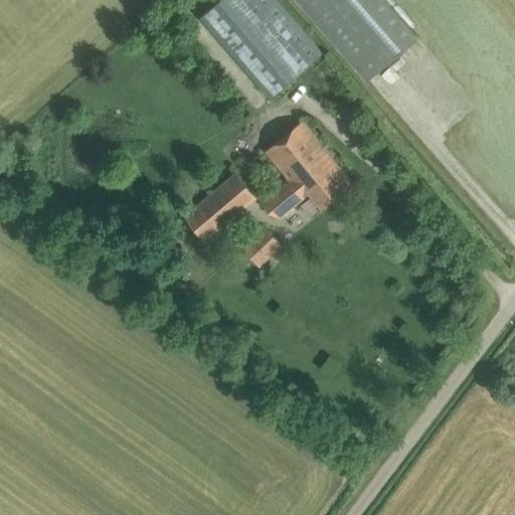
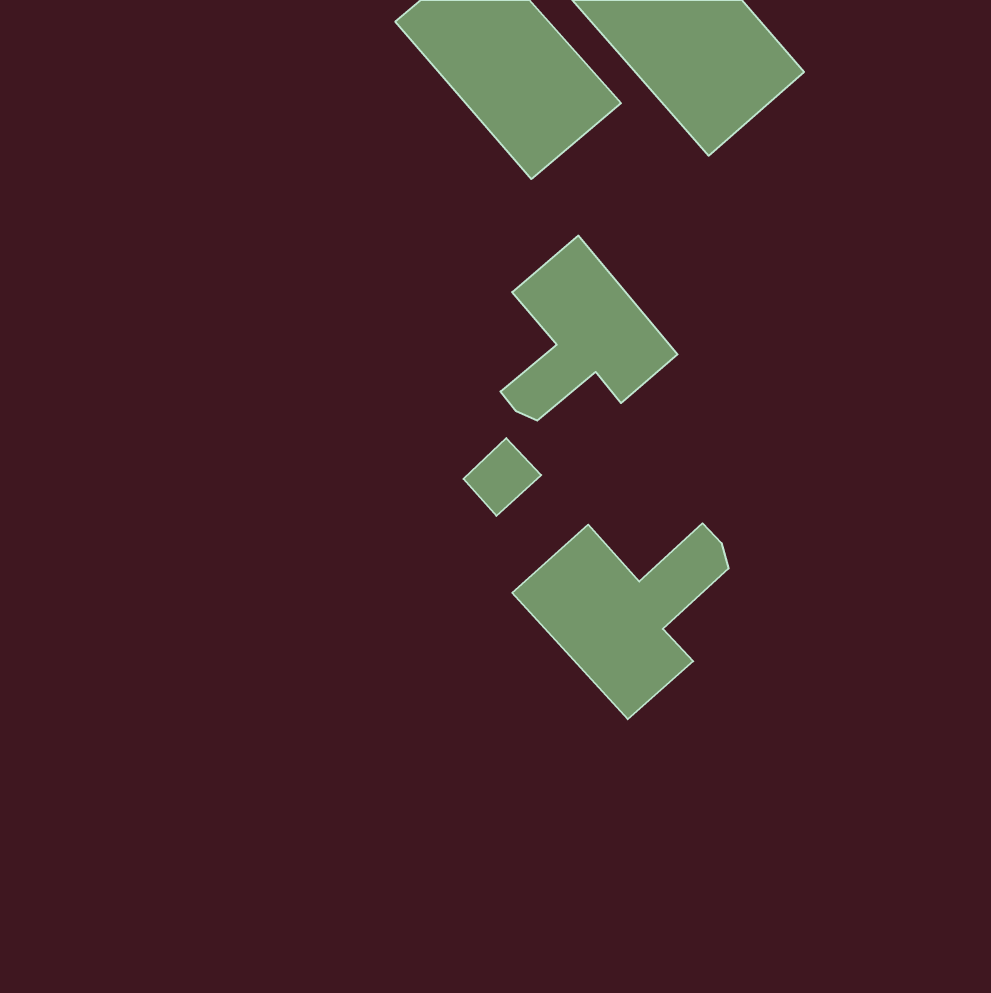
building: [182,174,253,242] -> none
building: none -> [512,523,729,719]

